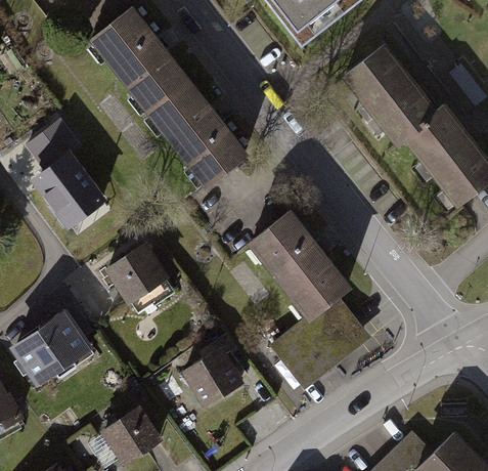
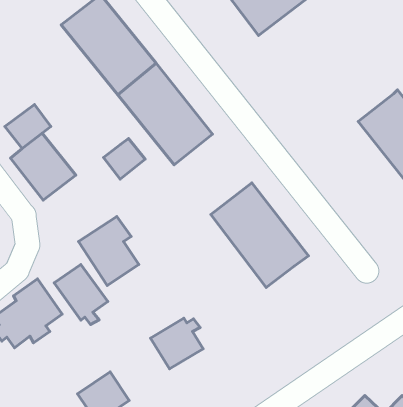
building: [342,40,442,146] -> none
building: none -> [104,138,145,179]
building: none -> [54,264,108,324]
building: [268,296,369,391] -> none

